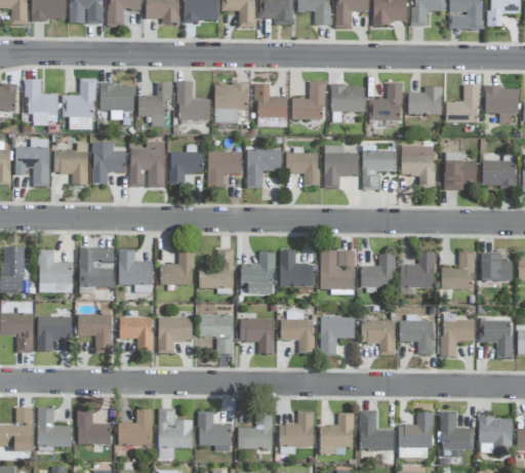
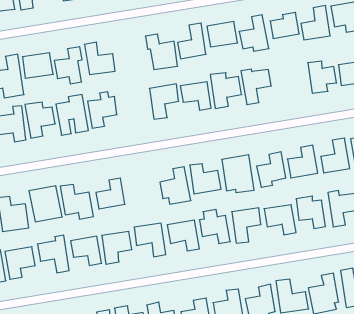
building: [213,83,248,123] -> none
building: [401,146,434,187] -> none
building: [207,151,242,187] -> none
building: [199,248,233,288] -> none

